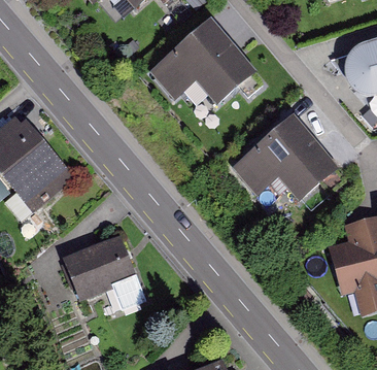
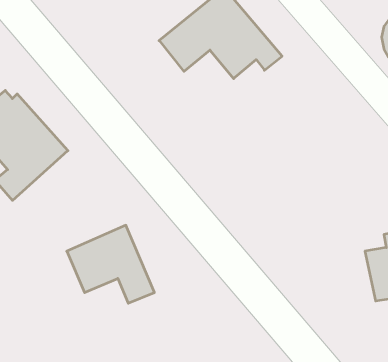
building: [230,114,339,203] -> none

